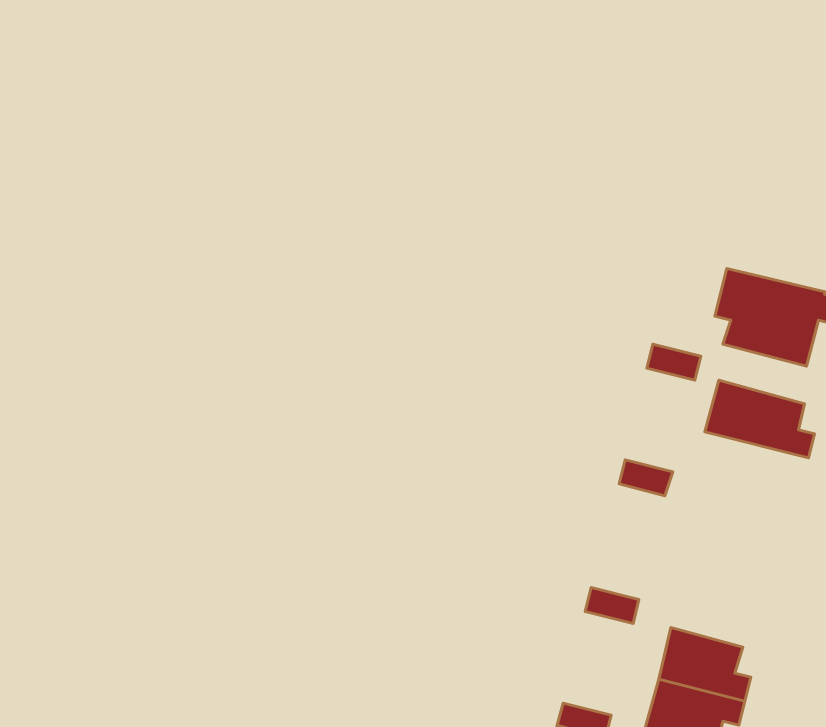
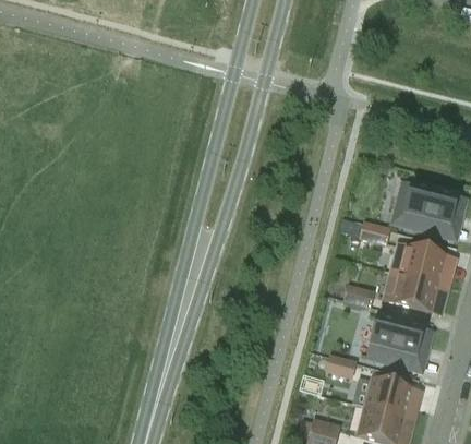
building: none -> [386,271,449,310]
building: none -> [369,315,433,367]

